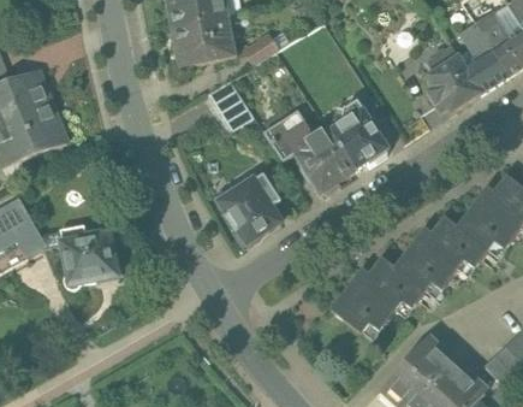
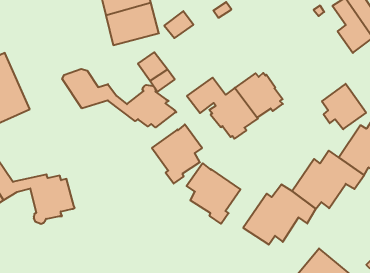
building: [427,54,482,112] -> [322,84,366,129]
building: none -> [62,69,176,127]
building: none -> [187,163,240,224]

